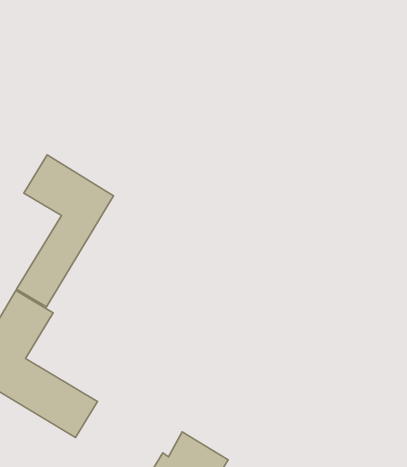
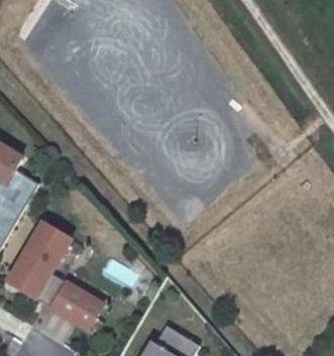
building: [17,155,114,307] -> none

